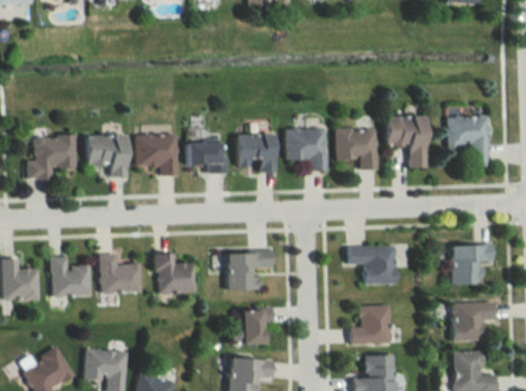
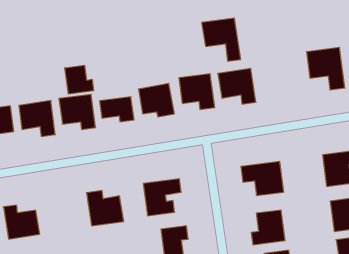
building: none -> [65,65,94,94]
building: [384,116,426,168] -> [202,18,241,61]
building: [101,254,142,293] -> none

